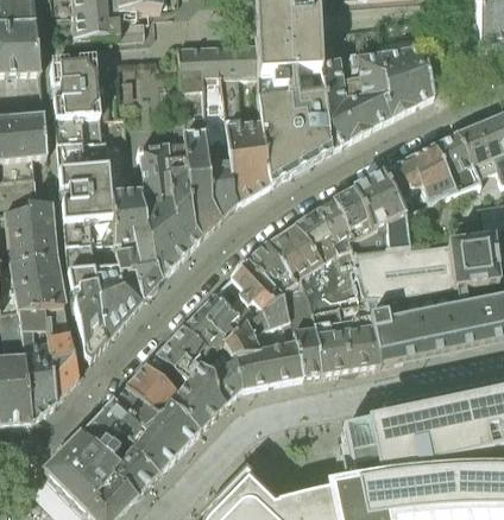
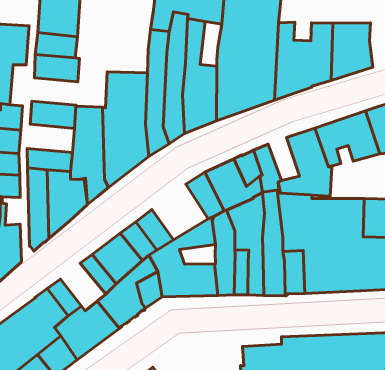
building: [59,165,111,195] -> none
building: [332,189,372,237] -> none
building: [63,217,115,248] -> none
building: [214,259,278,323] -> none
building: [125,366,178,418] -> none

